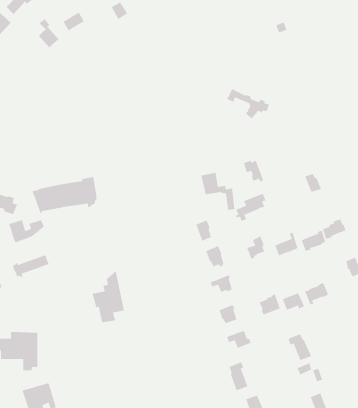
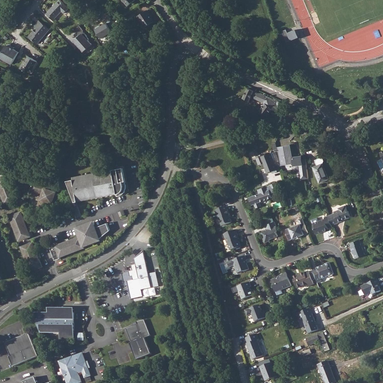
building: [201,172,235,211] -> [275,144,306,179]
building: [8,219,45,244] -> [76,223,109,245]
building: none -> [124,319,149,359]

